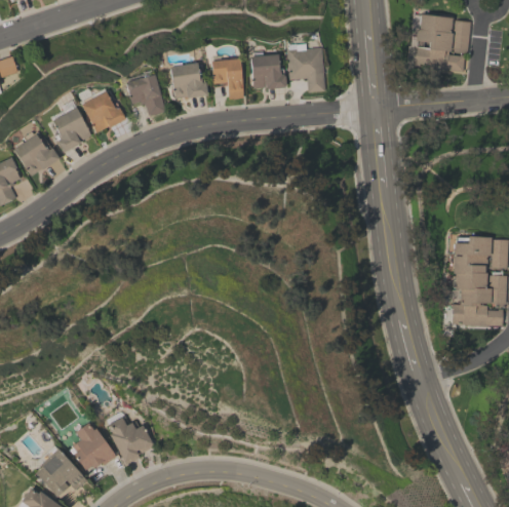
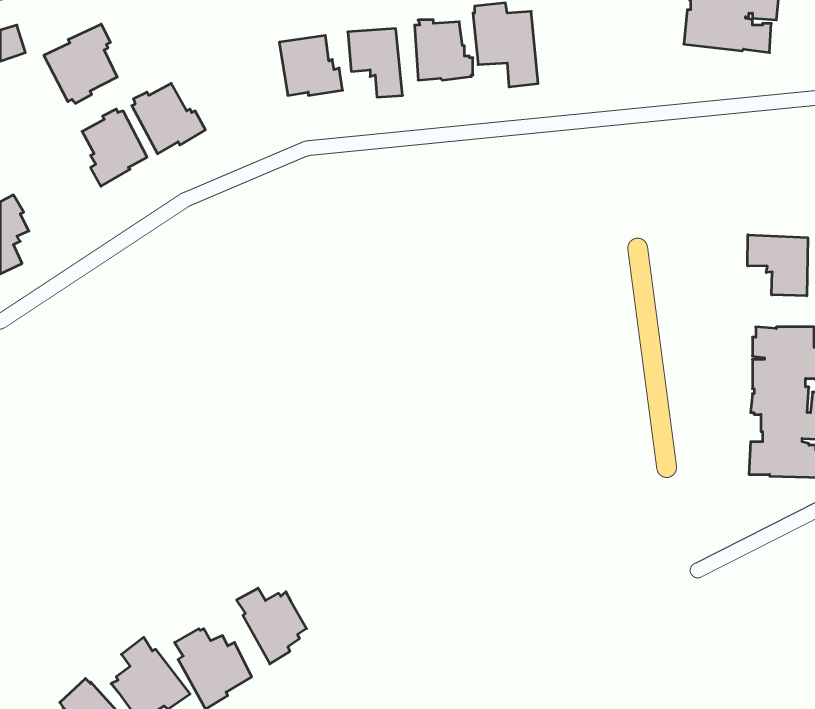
building: none -> [44,24,117,103]
building: [126,73,165,115] -> none
building: [13,131,60,177] -> none
building: none -> [748,235,808,296]
building: none -> [237,588,307,664]

